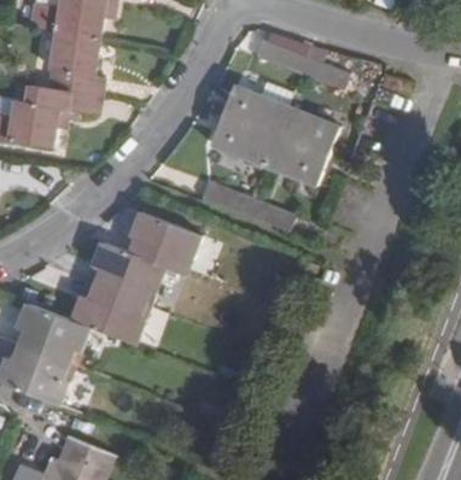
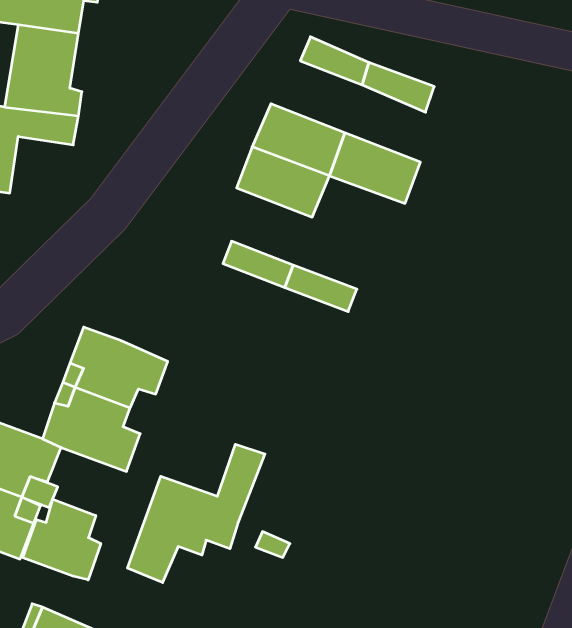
building: [263,135,328,185] -> none
building: [129,212,200,269] -> none
building: none -> [127,444,265,583]
building: none -> [23,499,101,580]

